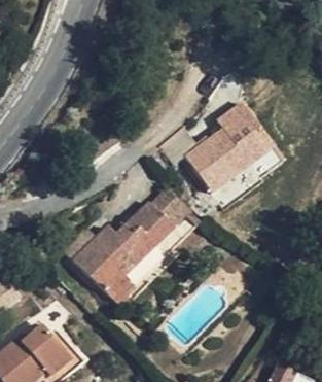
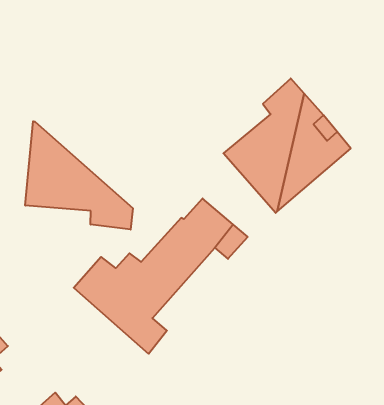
building: none -> [25,121,133,230]

